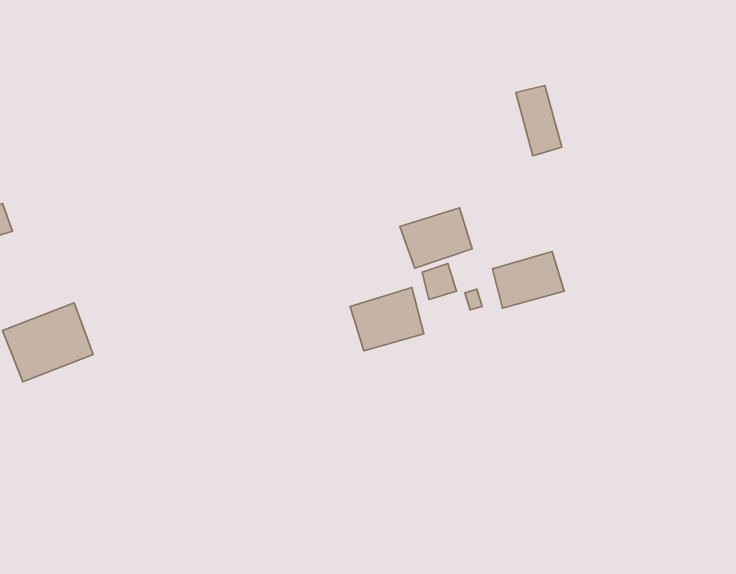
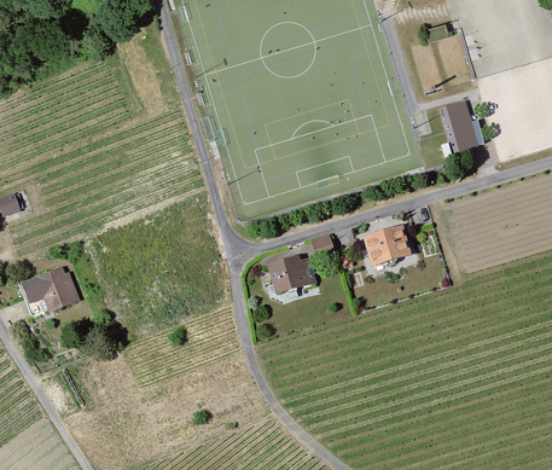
building: [516,86,562,156] -> [444,101,477,151]
building: [400,208,472,268] -> none

